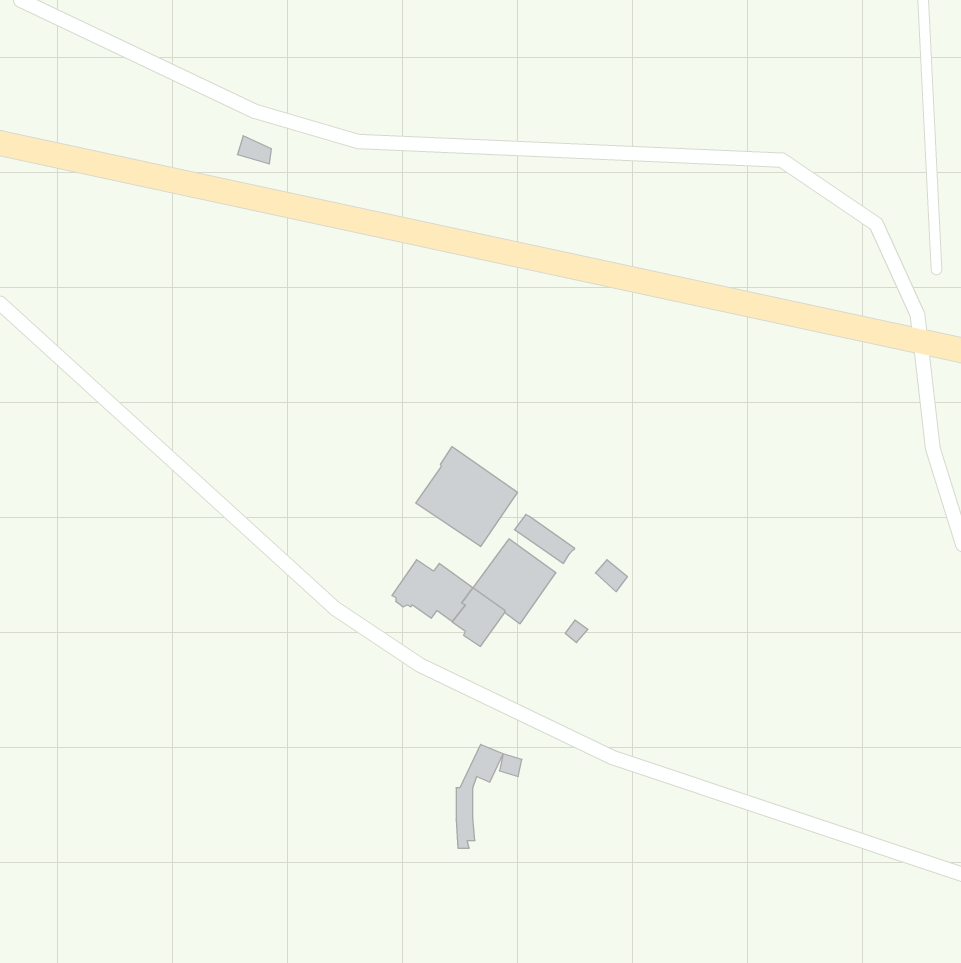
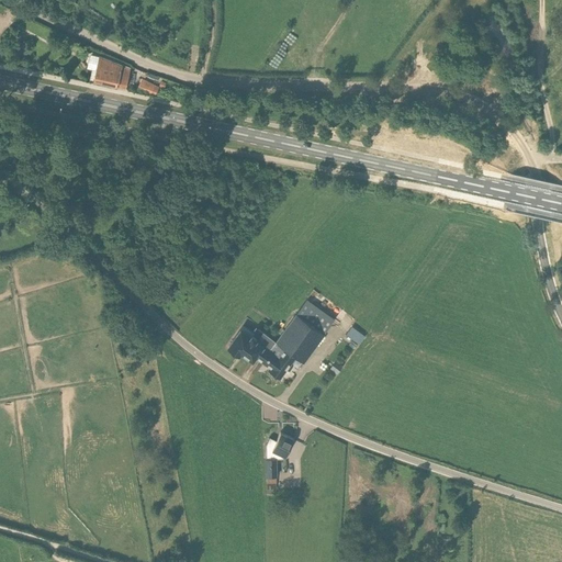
building: none -> [87,54,131,89]
building: [416,447,518,547] -> none

